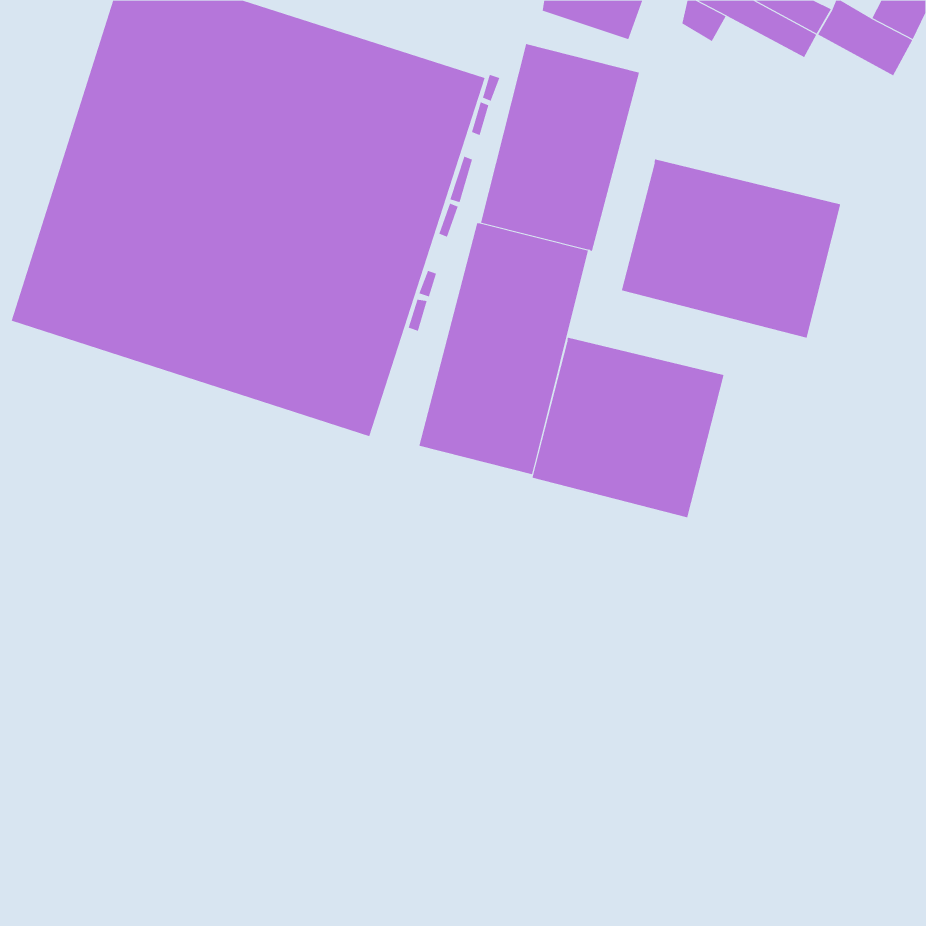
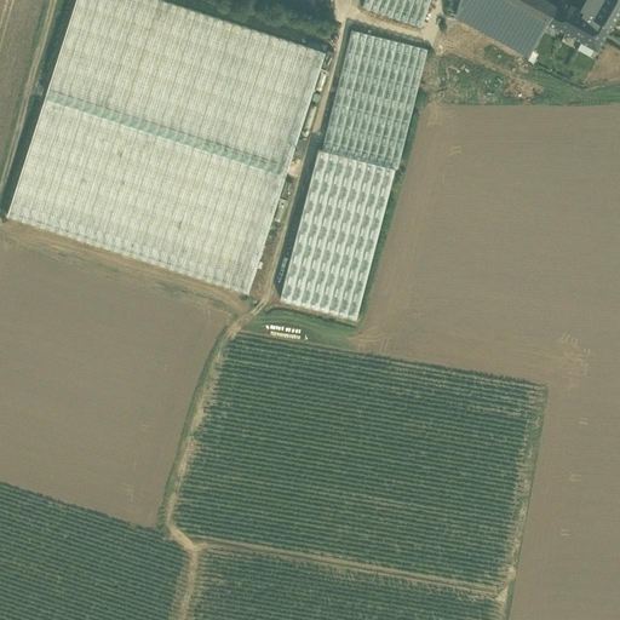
building: none -> [476,11,538,56]
building: [621,158,841,338] -> none
building: [532,337,724,518] -> none

